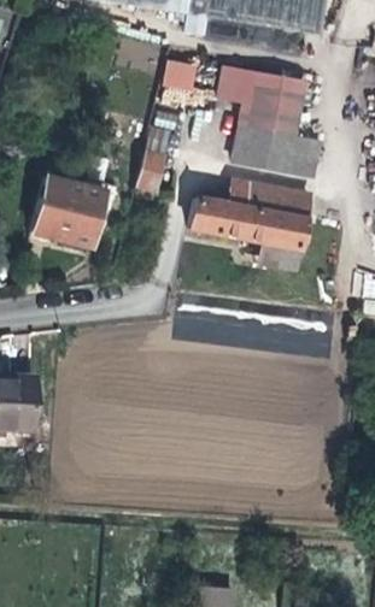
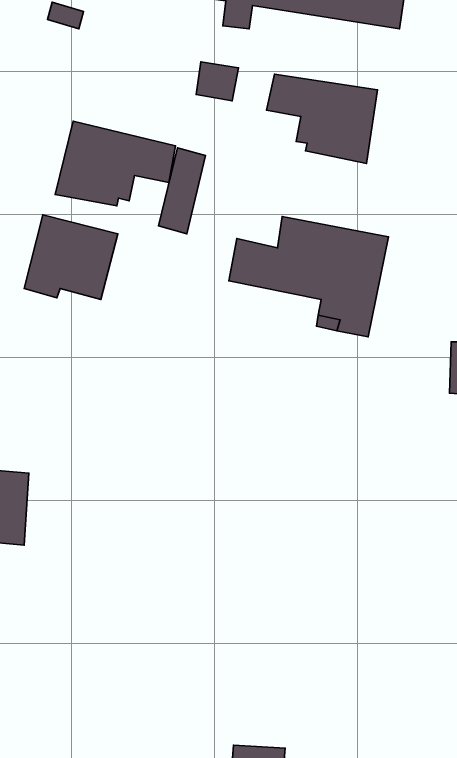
building: none -> [55,121,175,206]
building: [234,122,321,178] -> none

